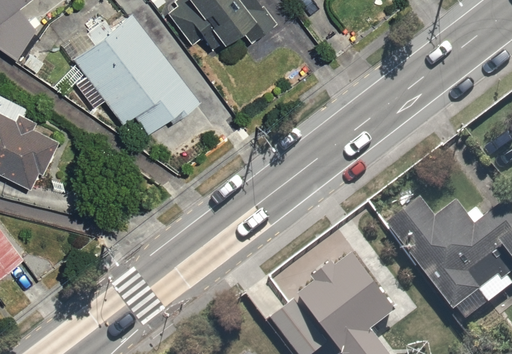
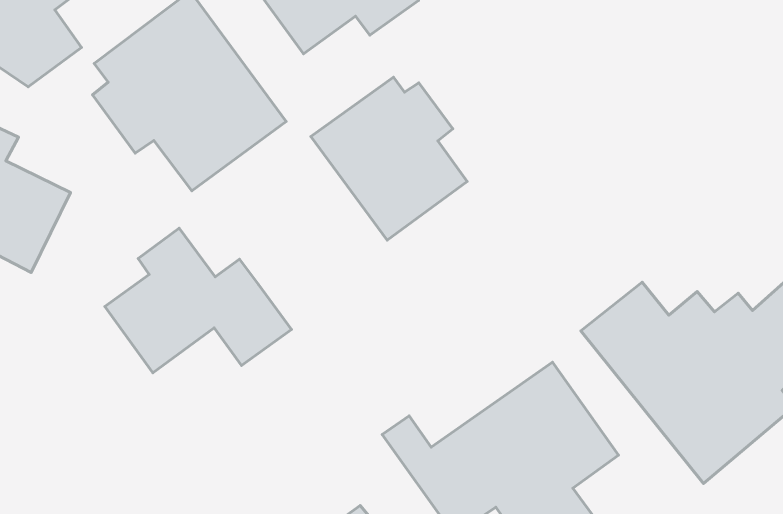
building: none -> [311,77,467,240]
building: none -> [105,228,291,373]

